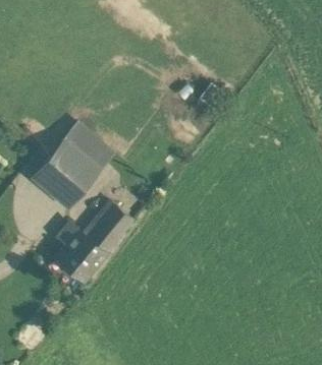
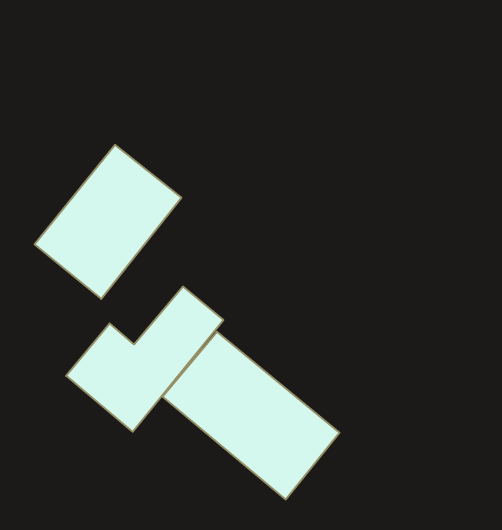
building: none -> [162,332,339,499]

